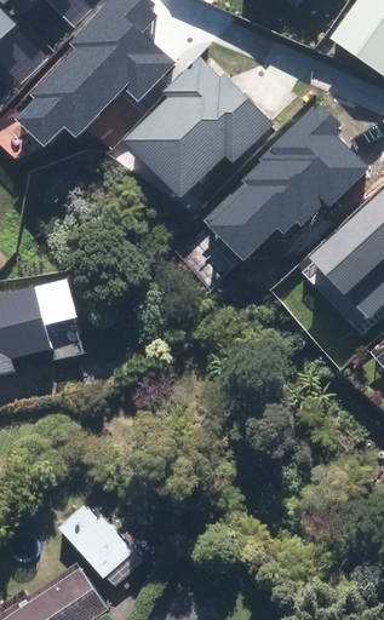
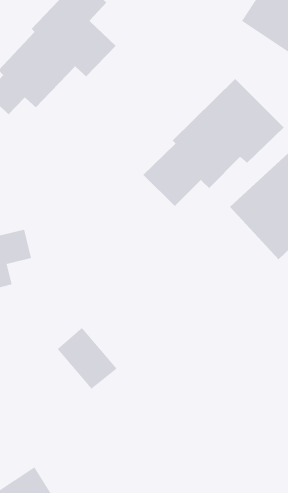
building: [114,58,265,206] -> none
building: [59,506,132,581] -> [57,327,117,389]

